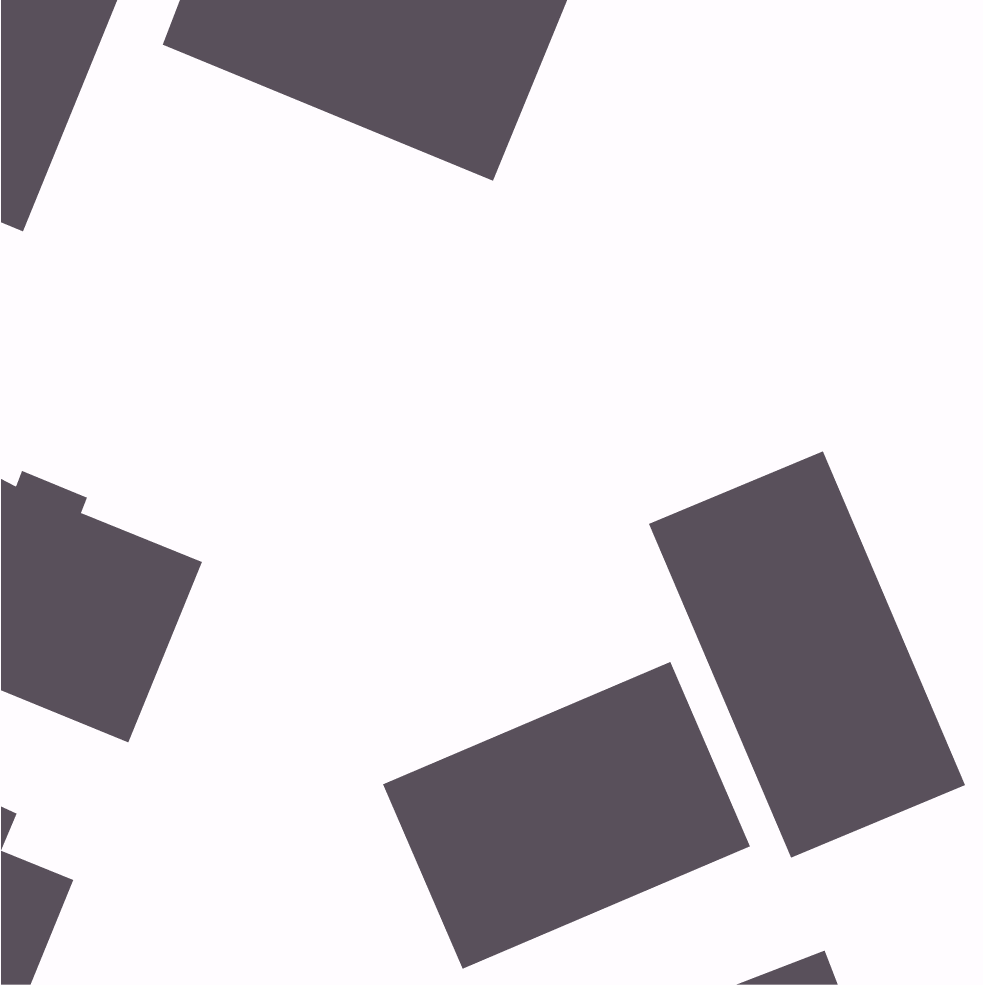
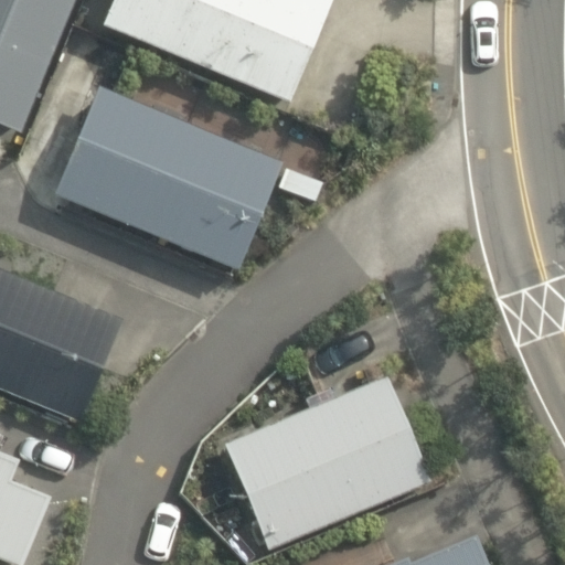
building: none -> [52,86,280,270]
building: [648,450,966,859] -> none

